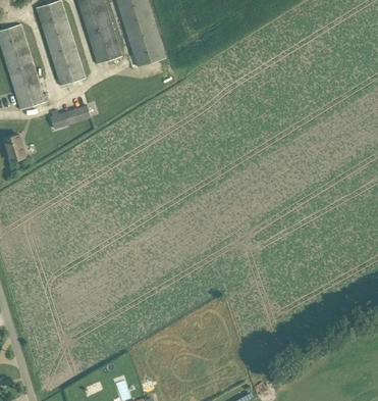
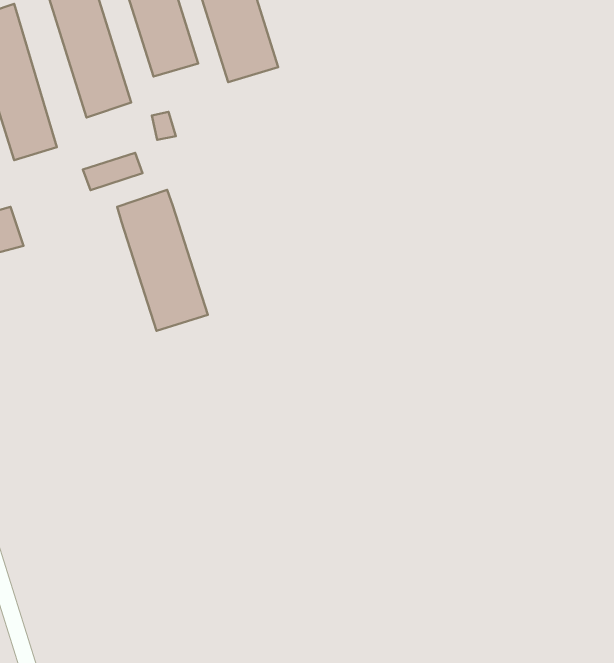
building: none -> [117,190,208,331]

